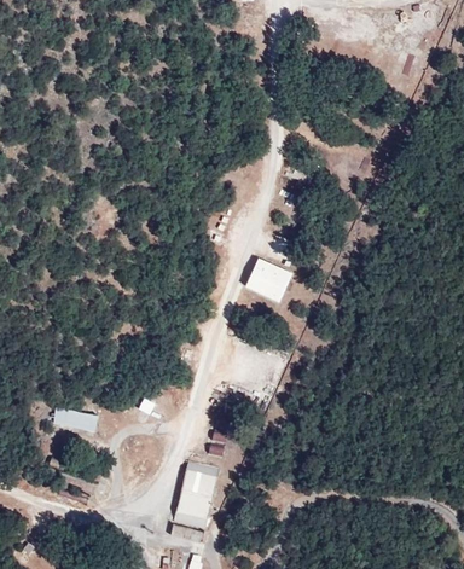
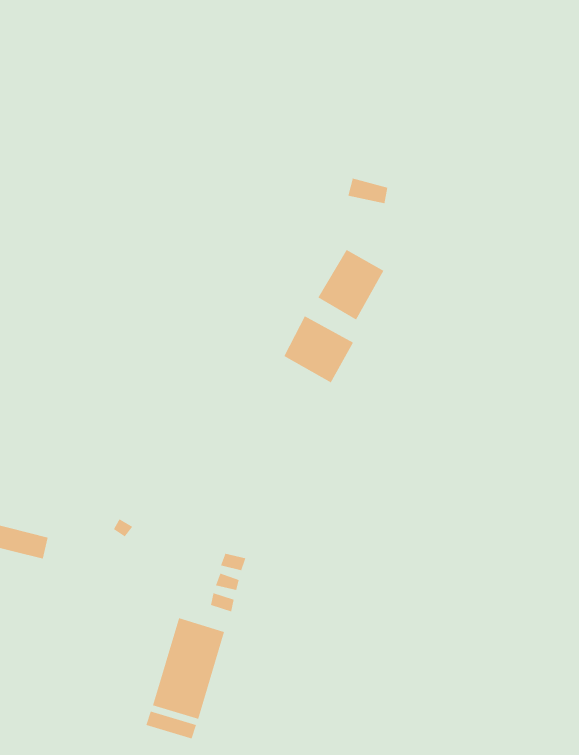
building: none -> [317,249,384,321]

